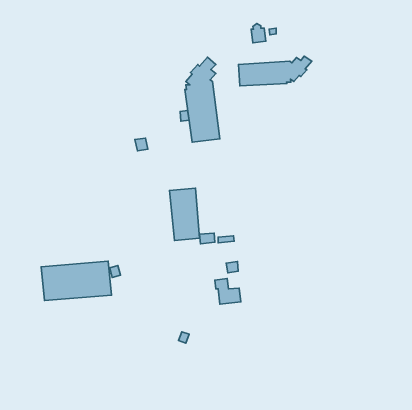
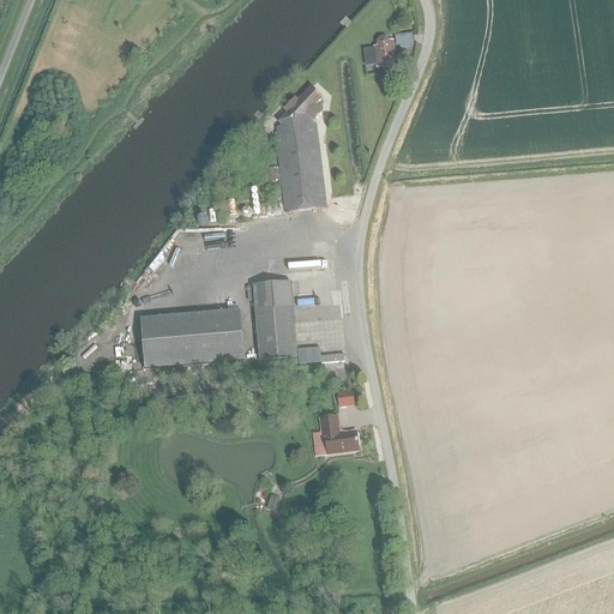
building: [239,56,312,86] -> none
building: [41,261,111,301] -> [140,308,245,367]

